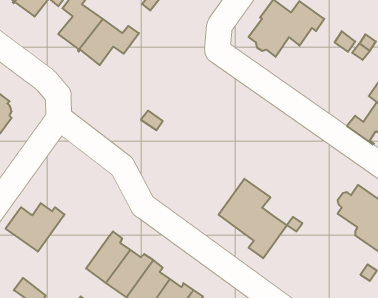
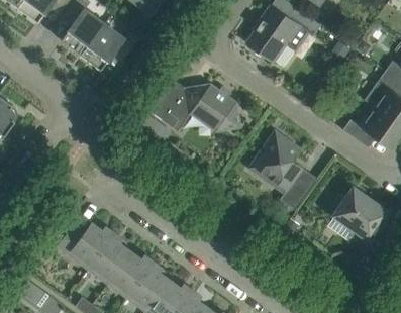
building: none -> [148,78,239,130]
building: [219,179,287,258] -> [249,131,316,209]
building: [6,203,65,252] -> [57,221,114,269]

